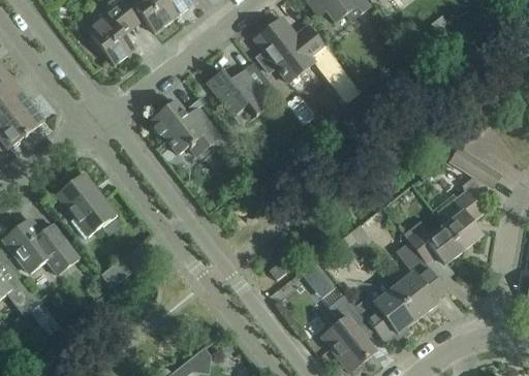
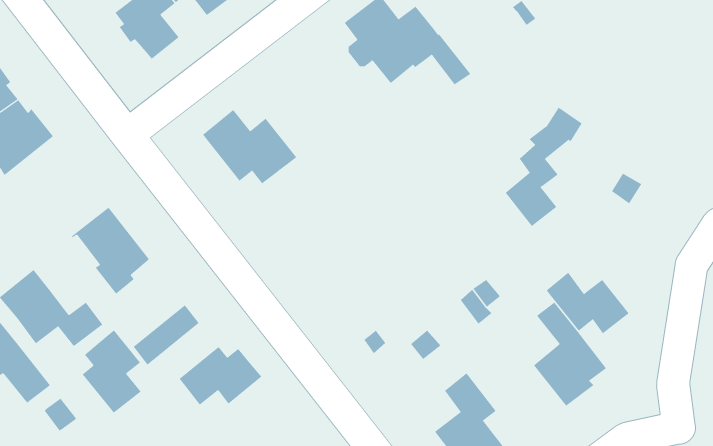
building: [207,69,279,117] -> none
building: [443,162,500,250] -> [505,106,582,227]
building: none -> [82,330,141,413]
building: none -> [179,346,262,406]
building: [354,288,416,341] -> none

